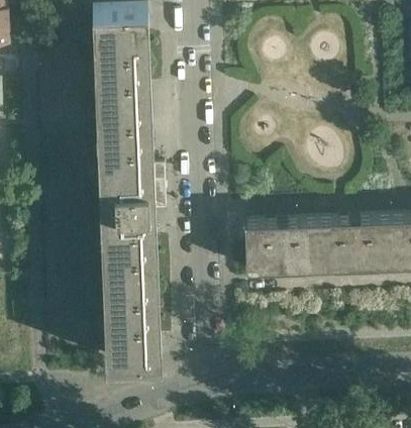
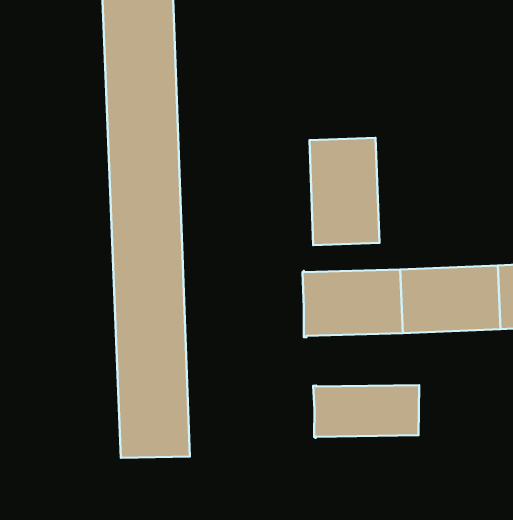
building: none -> [309,138,379,245]
building: none -> [313,385,419,438]

